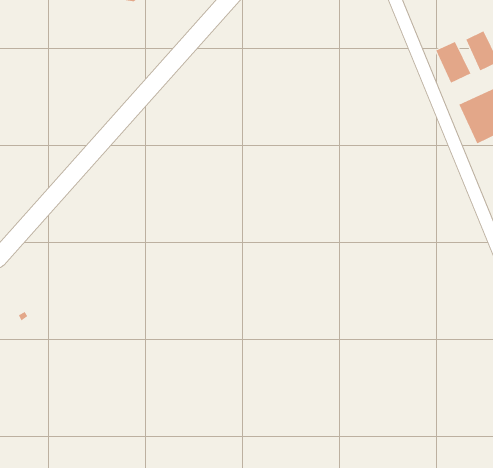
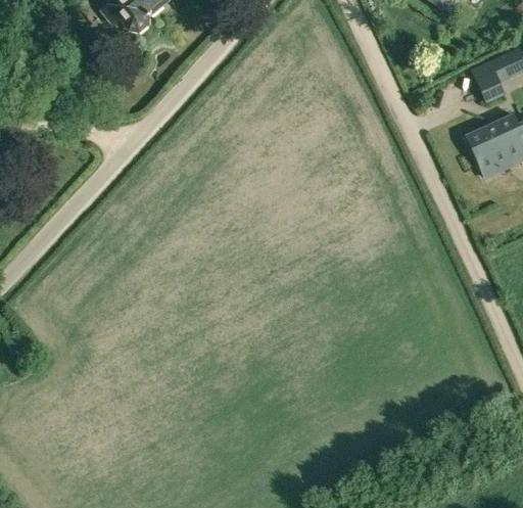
building: [435,41,471,83] -> none

